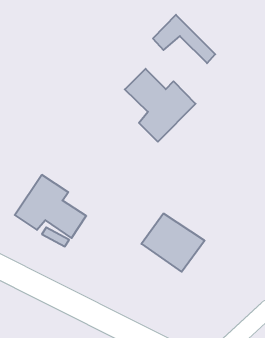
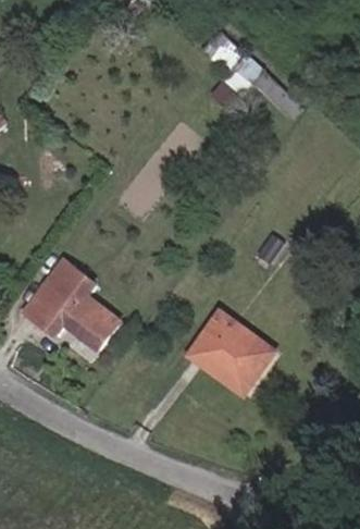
building: [125,69,196,142] -> none

